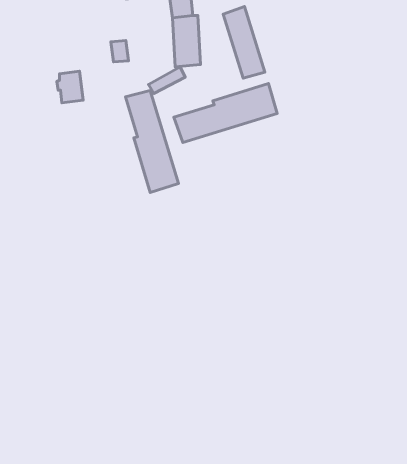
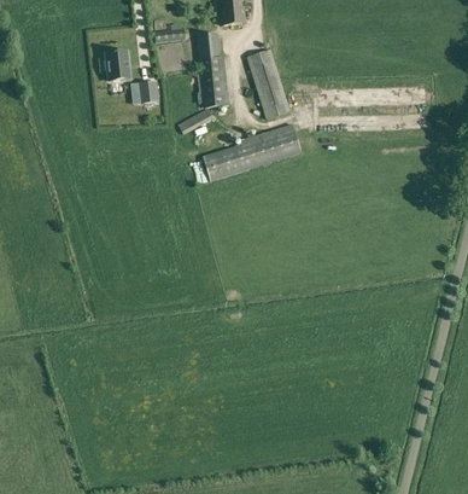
building: [57,71,83,103] -> [104,51,129,81]
building: [125,90,179,193] -> none

